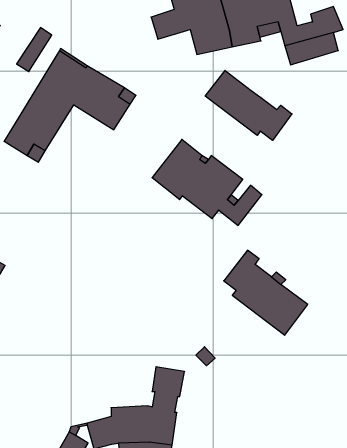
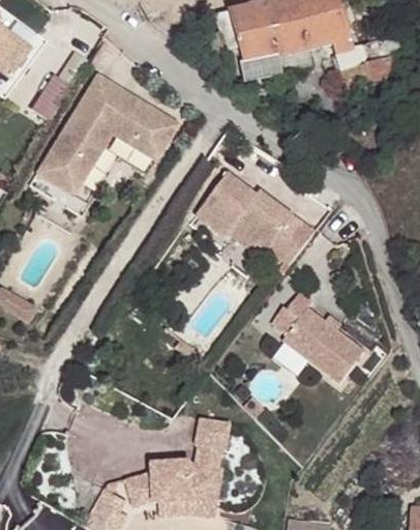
building: [205,70,292,140] -> none

